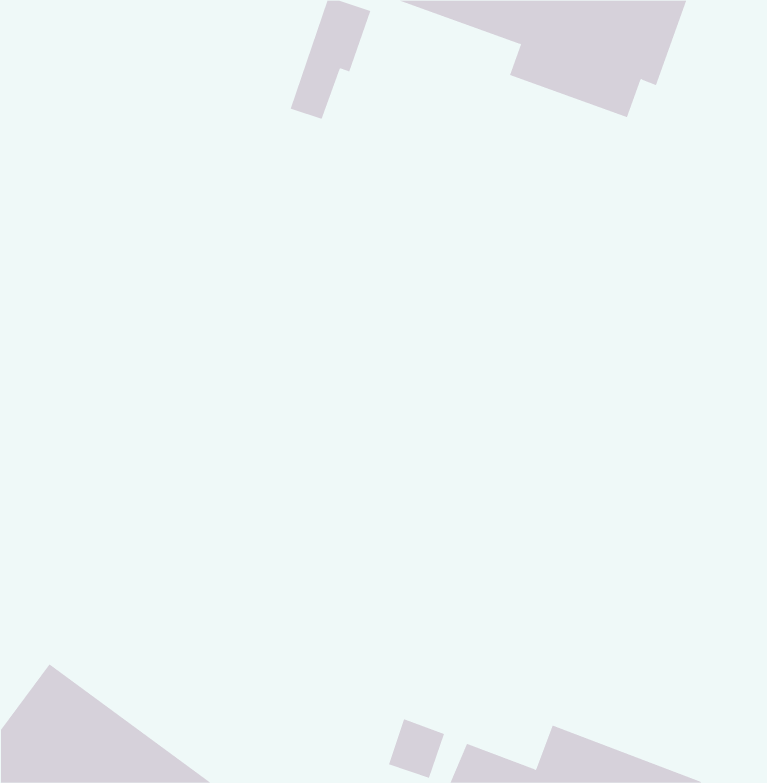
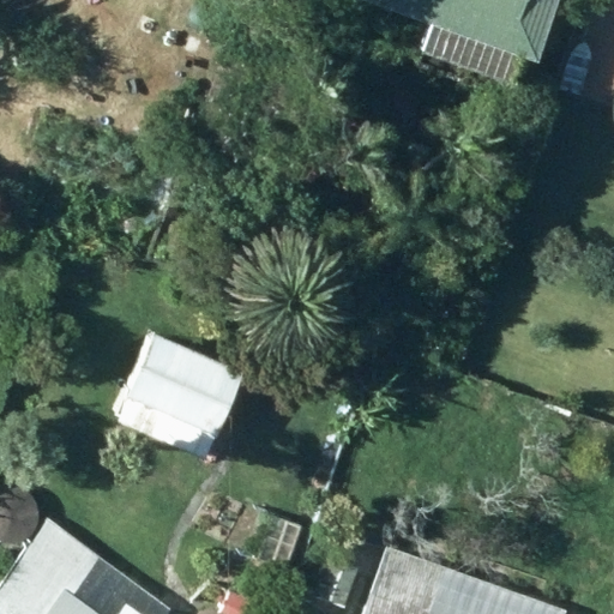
building: none -> [116,336,242,460]

